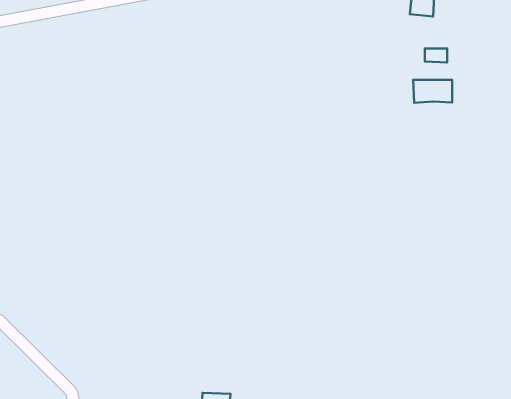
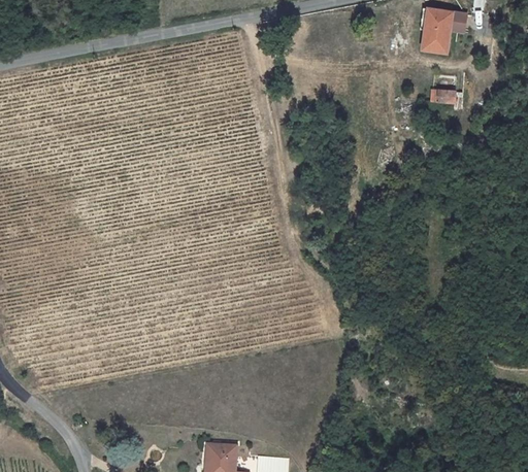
building: [413,80,452,103] -> none

